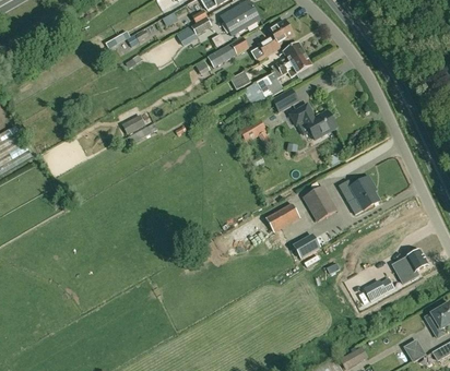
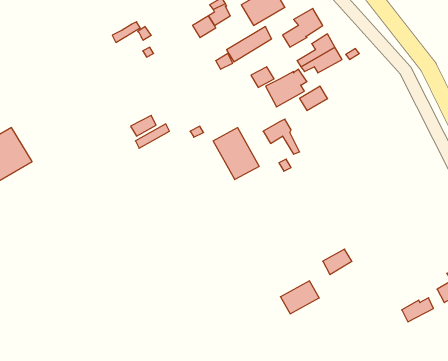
building: [289,104,336,139] -> none
building: none -> [213,128,259,180]
building: [343,176,379,210] -> none
building: [303,186,336,220] -> none
building: [265,204,300,234] -> [280,281,319,314]

